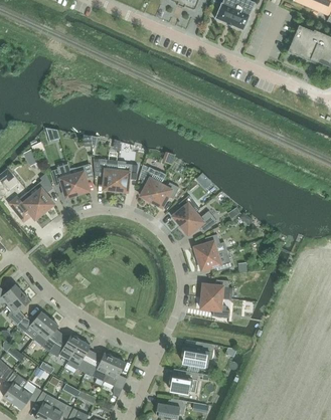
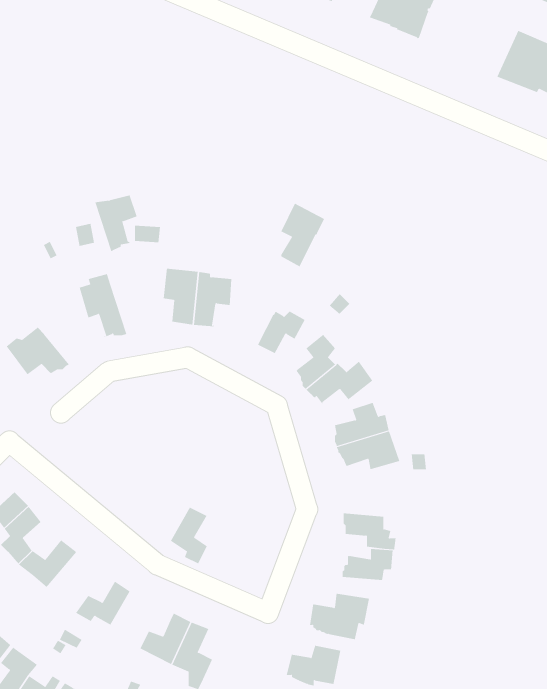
building: [69,164,94,196] -> [95,195,137,252]
building: [141,166,166,202] -> [280,203,325,267]
building: [28,180,54,213] -> none
building: [200,280,229,298] -> [342,548,393,581]
building: [33,319,58,353] -> none
building: [69,341,91,373] -> [170,507,207,564]

